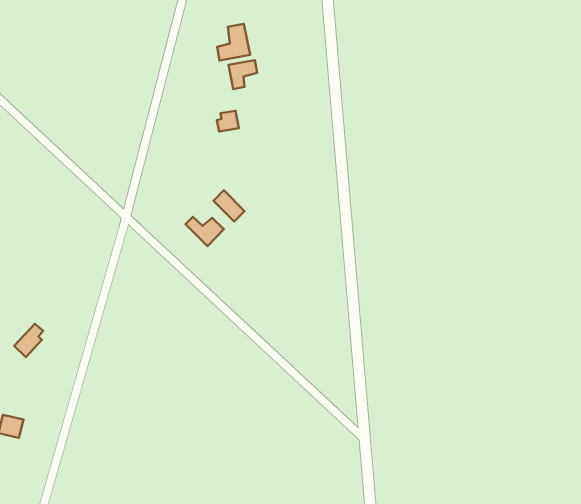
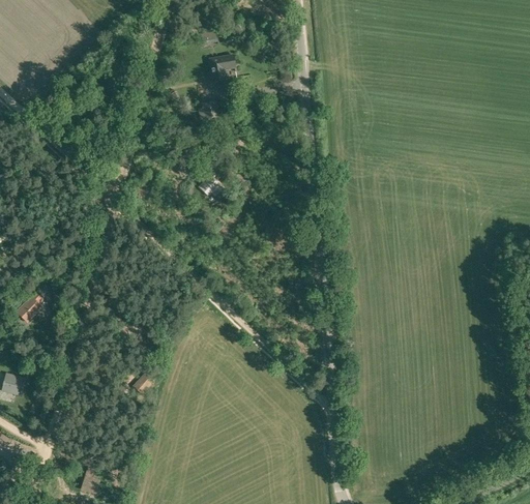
building: [217,24,250,61] -> none
building: [185,217,224,246] -> none

